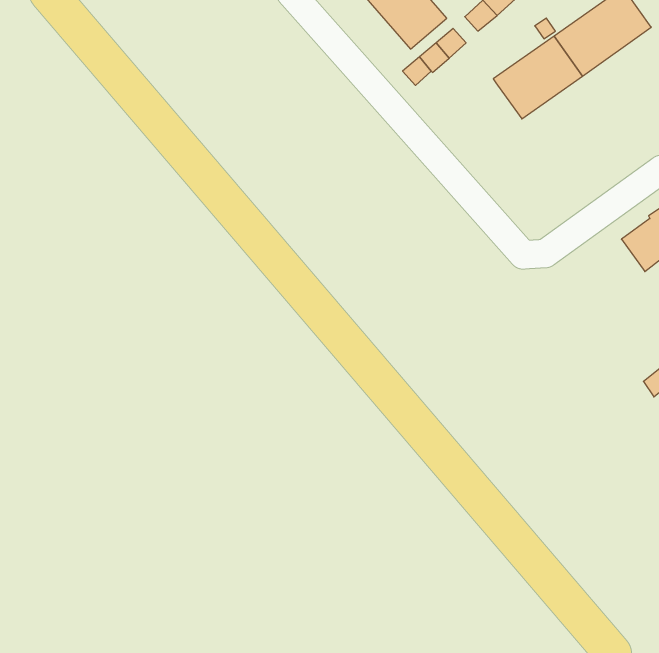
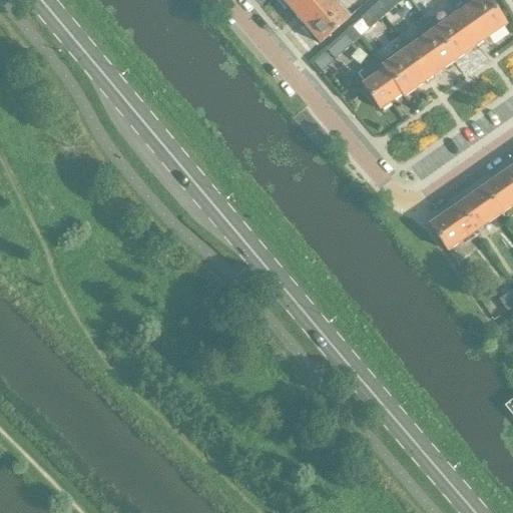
building: none -> [364,64,404,105]
building: none -> [431,185,501,247]

